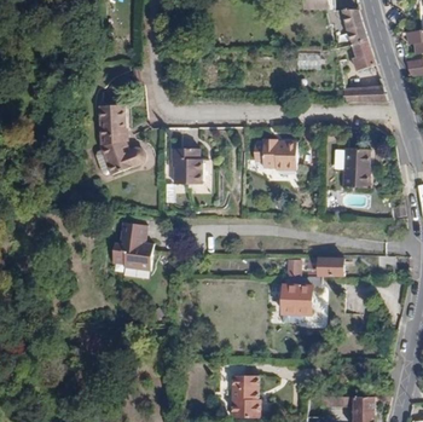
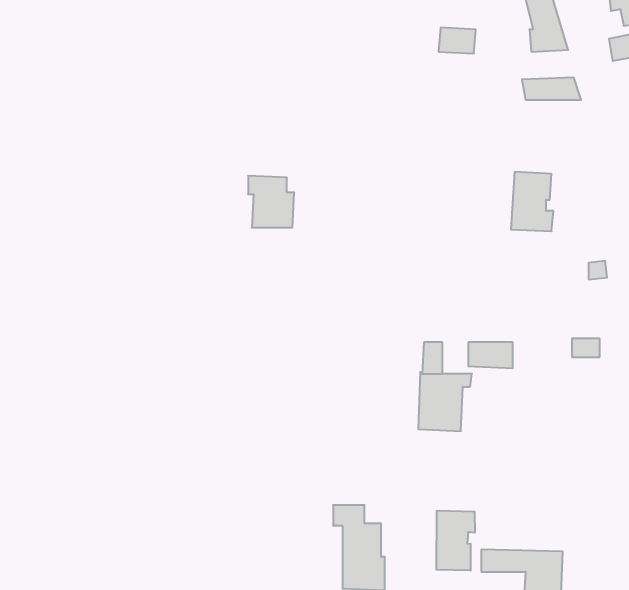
building: [98,106,149,175] -> none
building: [261,138,295,166] -> none
building: [110,220,152,270] -> none
building: none -> [436,511,475,571]

